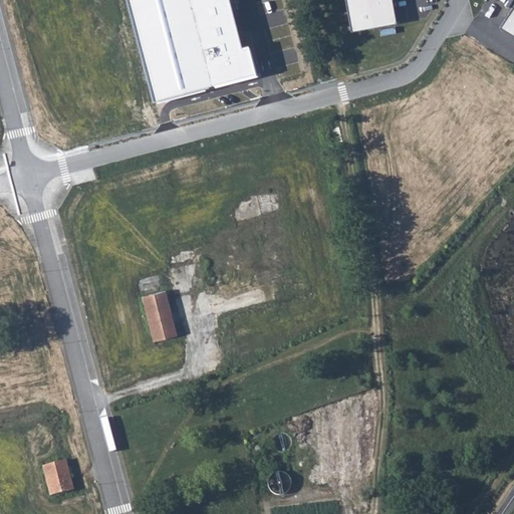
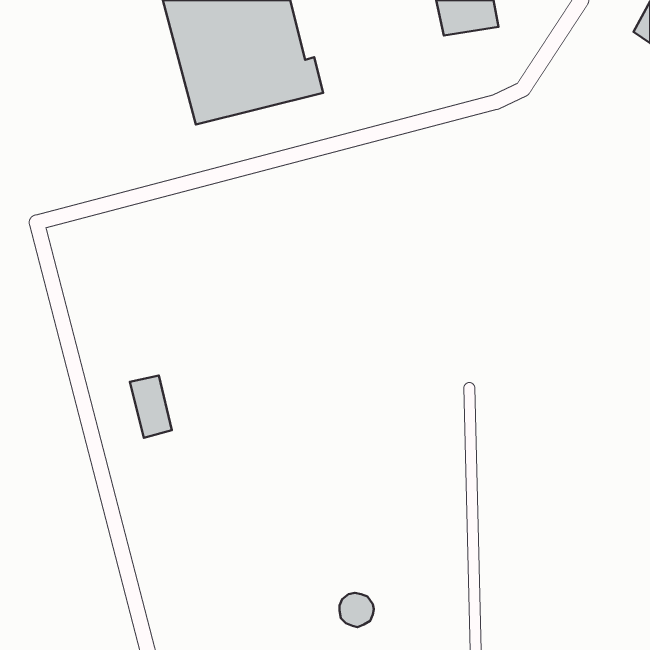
building: [143,292,176,341] -> [130,375,172,438]
building: [44,458,73,494] -> none

